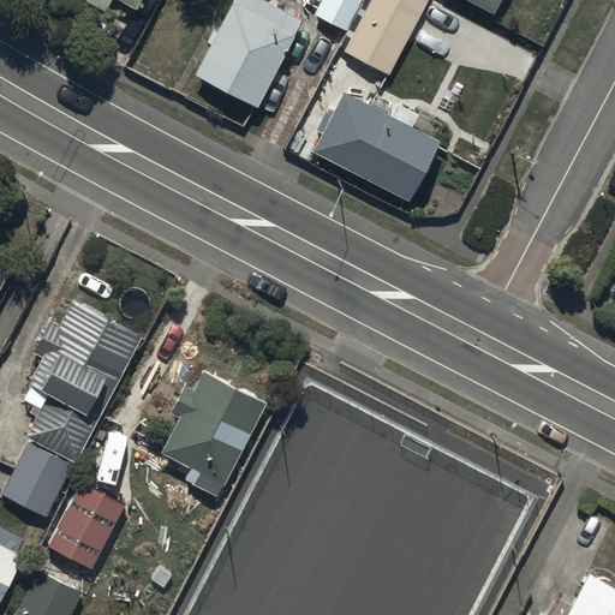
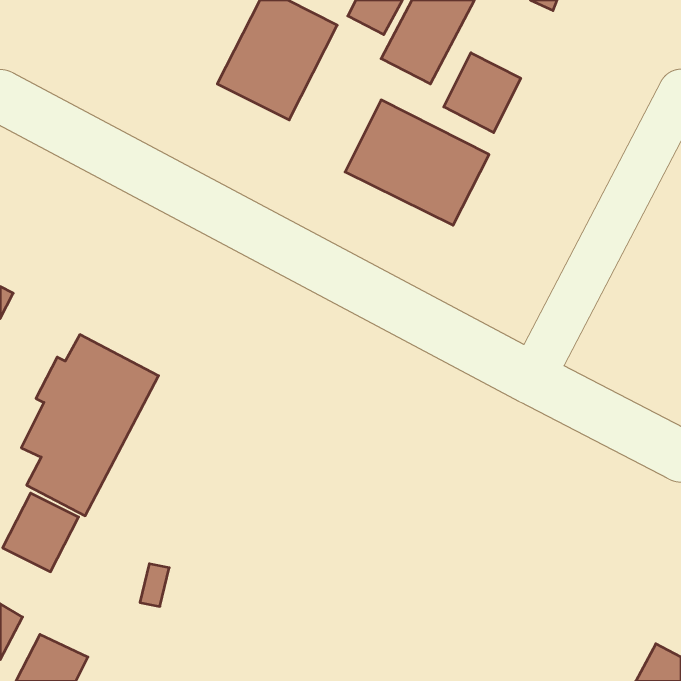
building: none -> [444,53,521,133]
building: [160,372,264,496] -> none
building: [48,482,125,569] -> none

